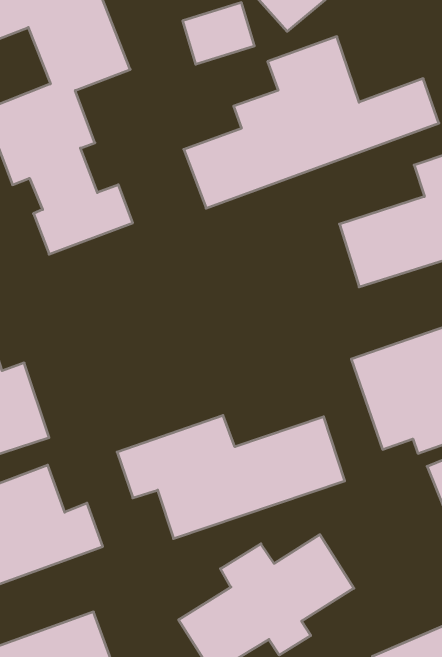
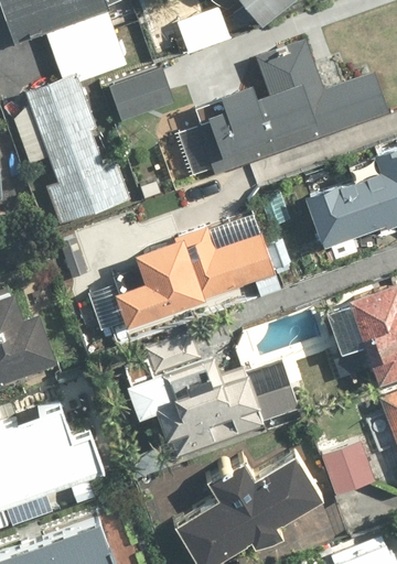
building: none -> [105,66,175,124]
building: none -> [111,226,276,325]
building: none -> [321,440,379,499]

